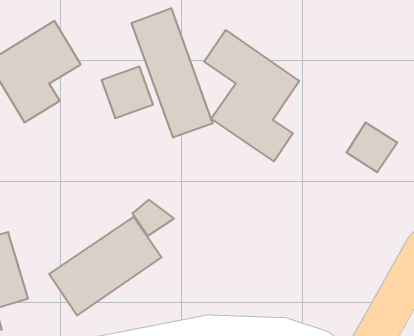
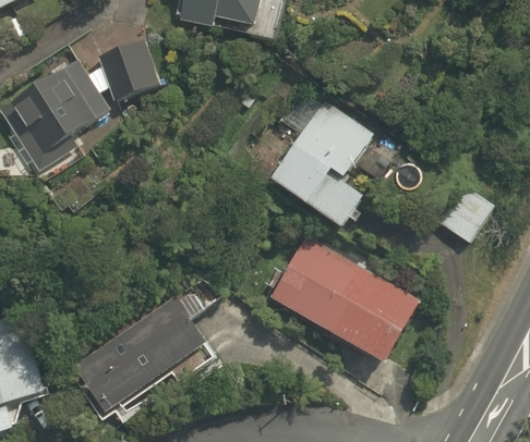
building: [132,8,213,138] -> none
building: [101,67,153,118] -> [98,38,160,100]
building: none -> [269,235,420,363]

